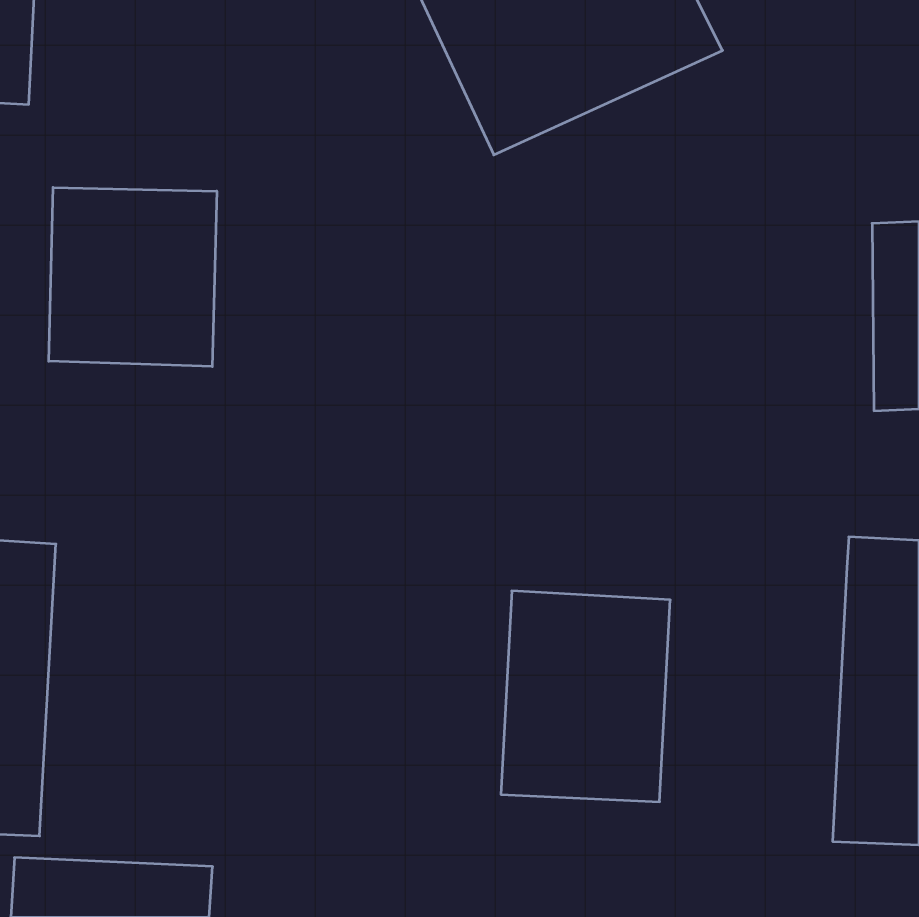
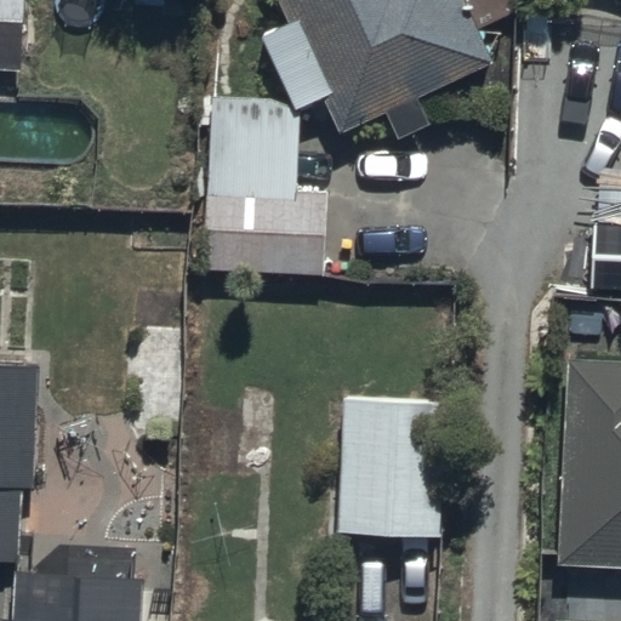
building: none -> [200,103,330,275]
building: [49,187,217,367] -> none

